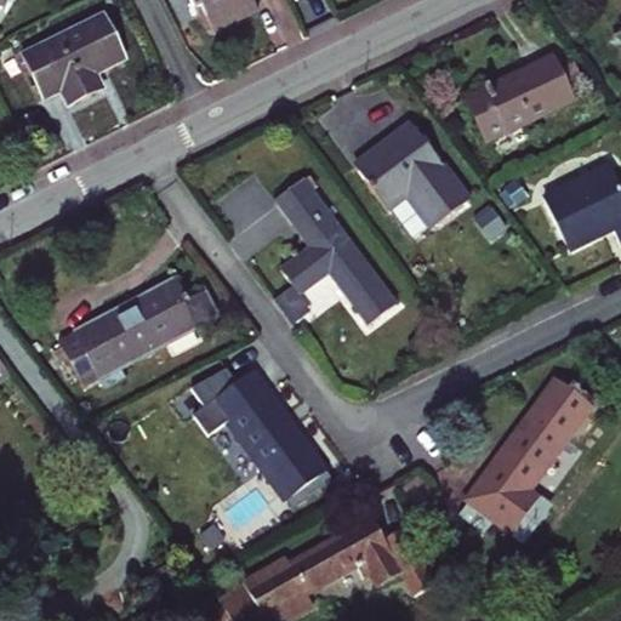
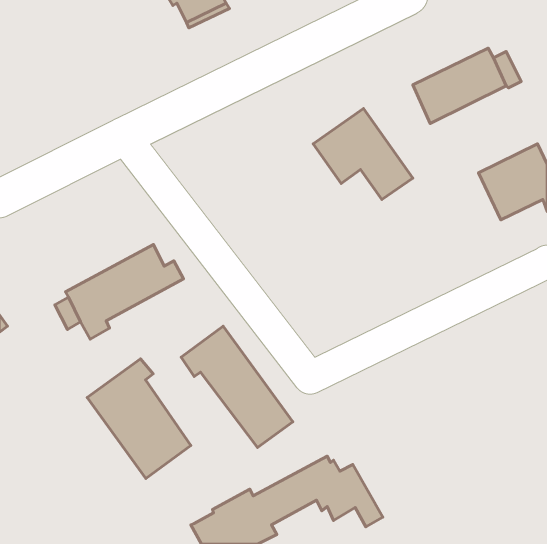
building: [19,13,125,107] -> none
building: [274,176,397,323] -> none
building: [458,377,589,540] -> none
building: none -> [87,359,191,478]

